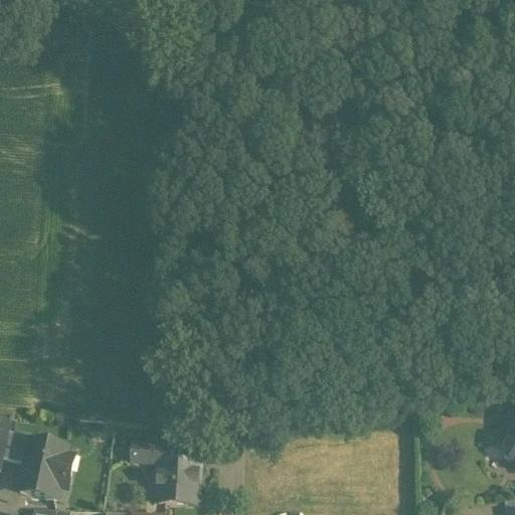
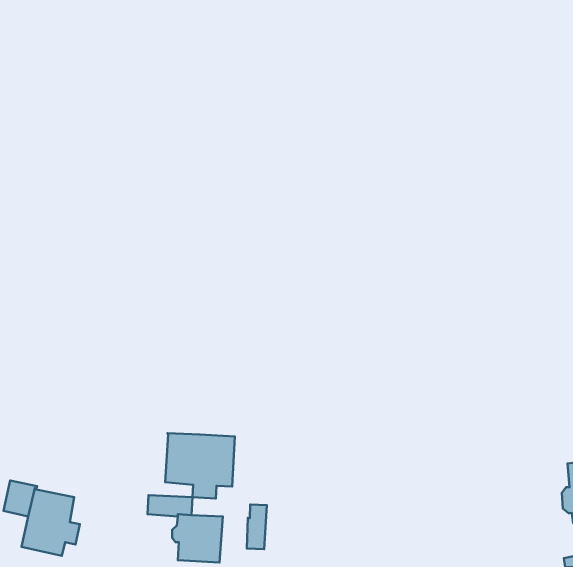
building: none -> [165,433,235,499]
building: none -> [247,504,267,549]

